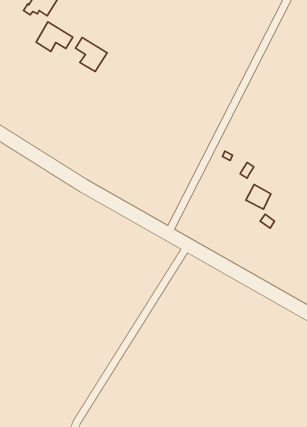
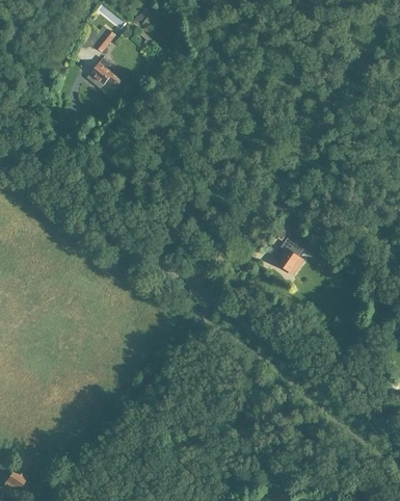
building: [75,37,107,72] -> none

